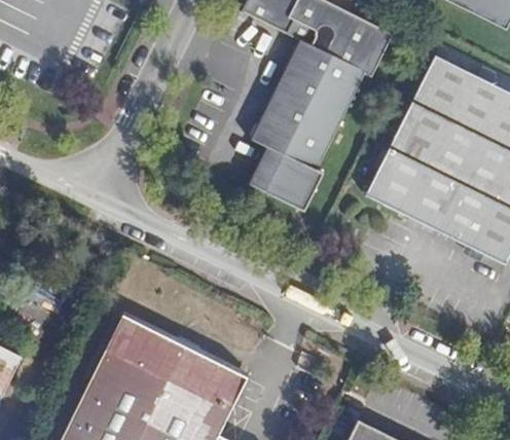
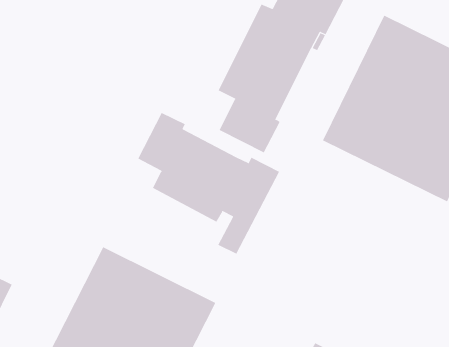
building: none -> [138,112,280,255]

